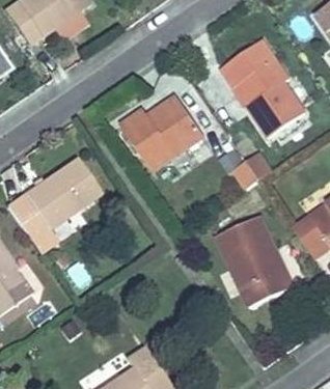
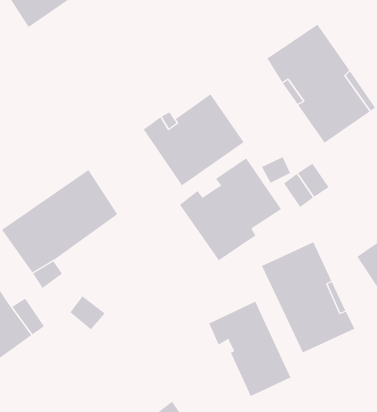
building: none -> [179,157,282,261]
building: none -> [208,301,291,397]

